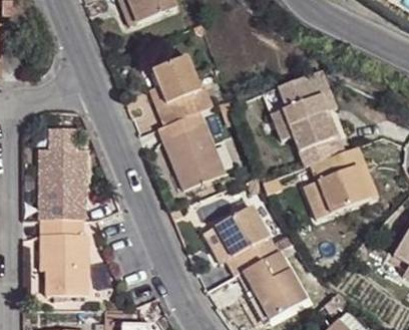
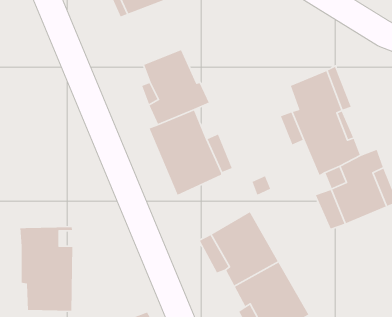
building: [41,150,84,219] -> none

